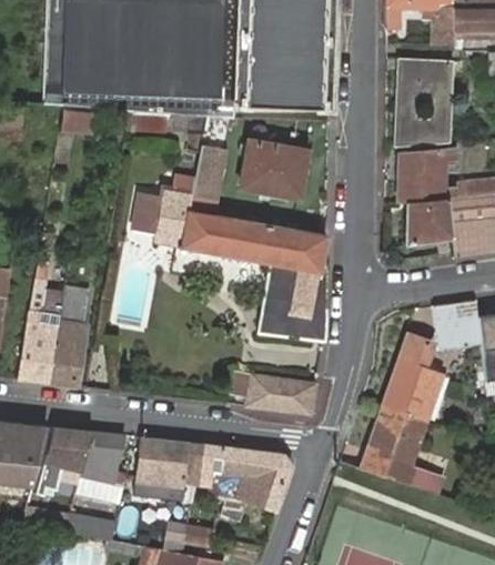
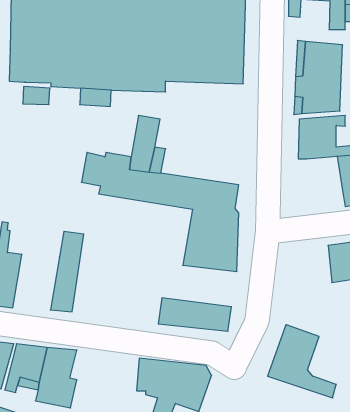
building: [239,140,305,198] -> none
building: [408,196,453,244] -> none
building: [48,286,89,385] -> [50,231,84,312]
building: [384,335,441,418] -> none
building: [134,437,203,501] -> none

